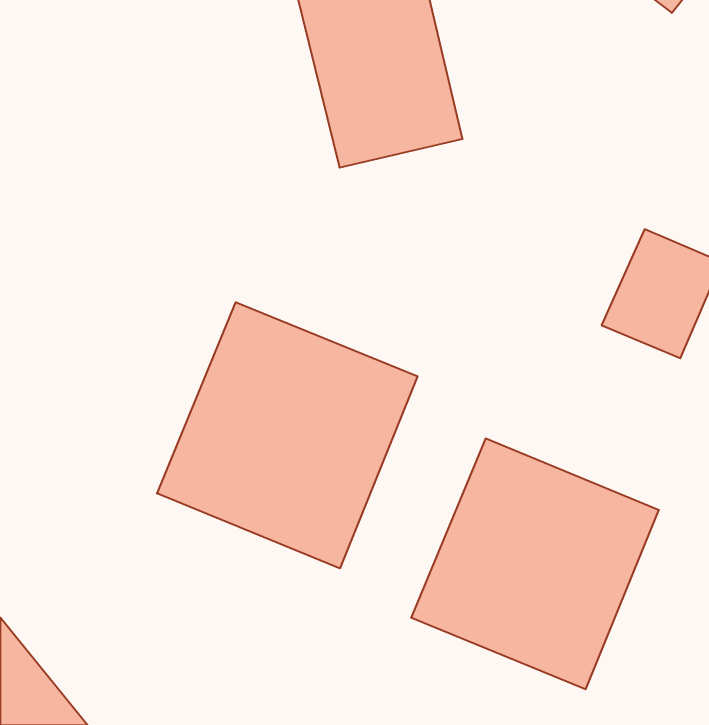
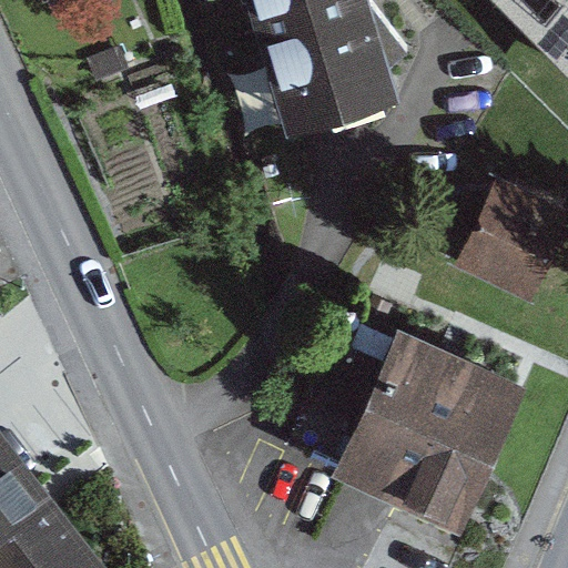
building: [157,302,417,568] -> none

